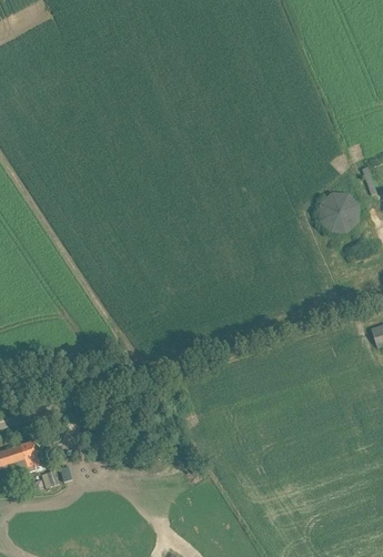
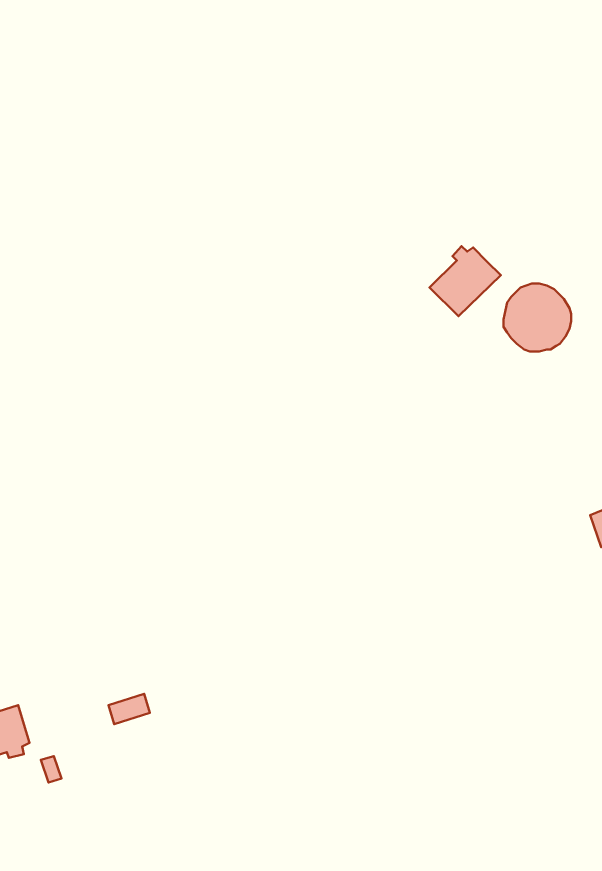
building: none -> [429,246,501,316]

